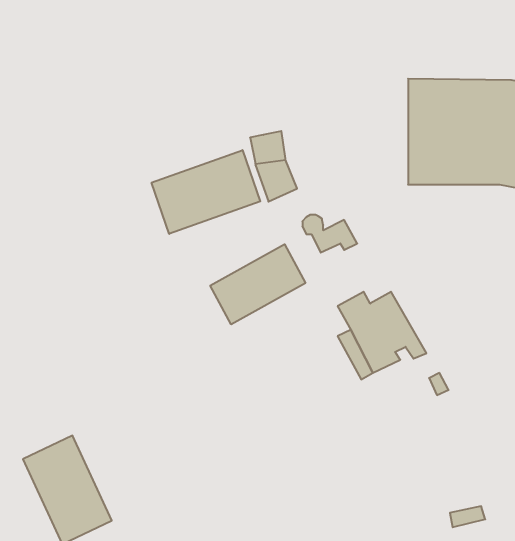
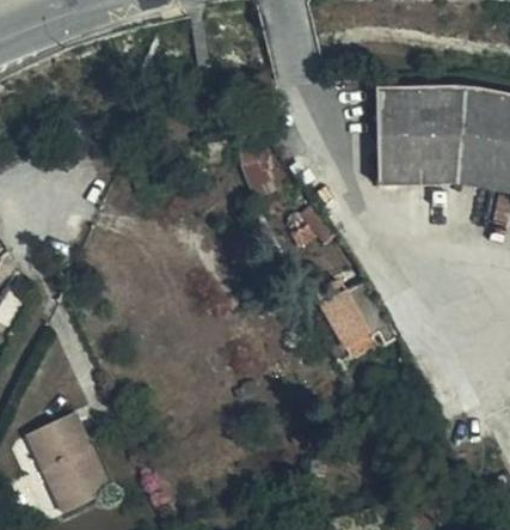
building: [152,150,260,234] -> none
building: [210,244,305,324] -> none

